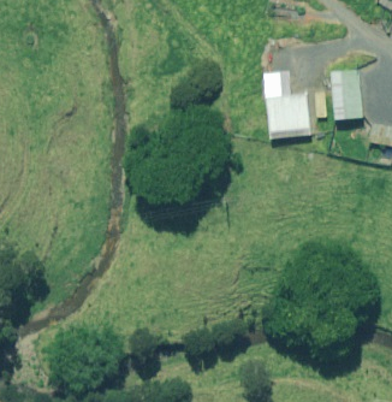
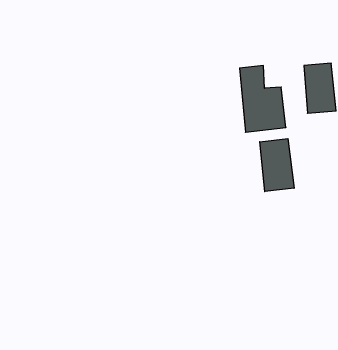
building: none -> [260,139,294,192]

